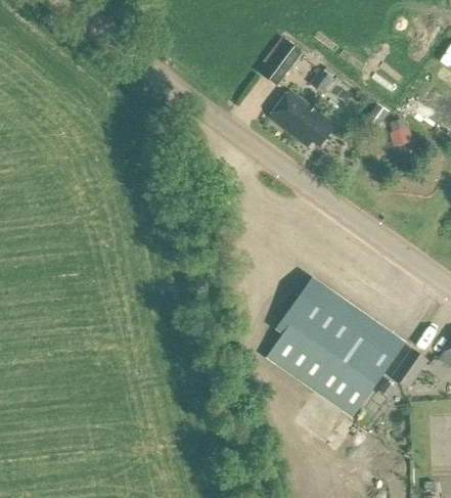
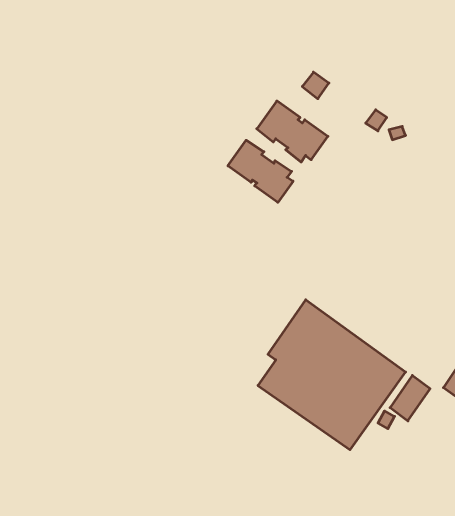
building: [260,38,301,84] -> none
building: none -> [228,140,293,202]

